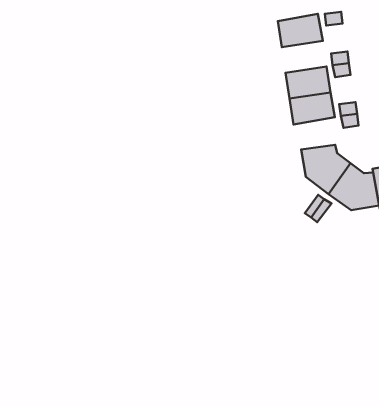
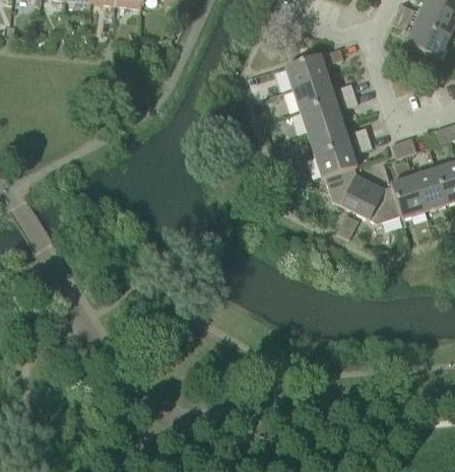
building: none -> [292,75,335,109]
building: none -> [314,141,356,176]

